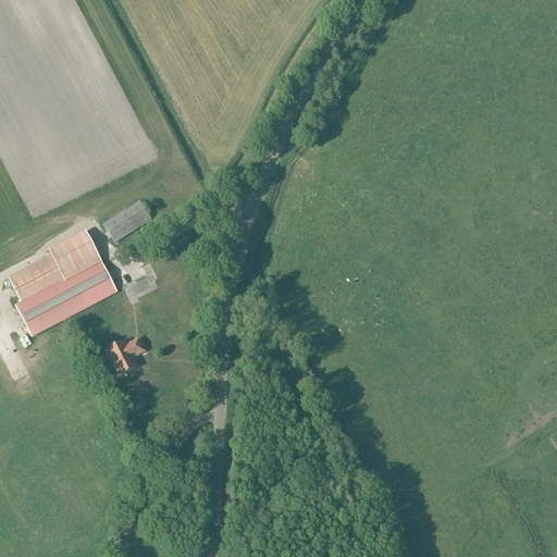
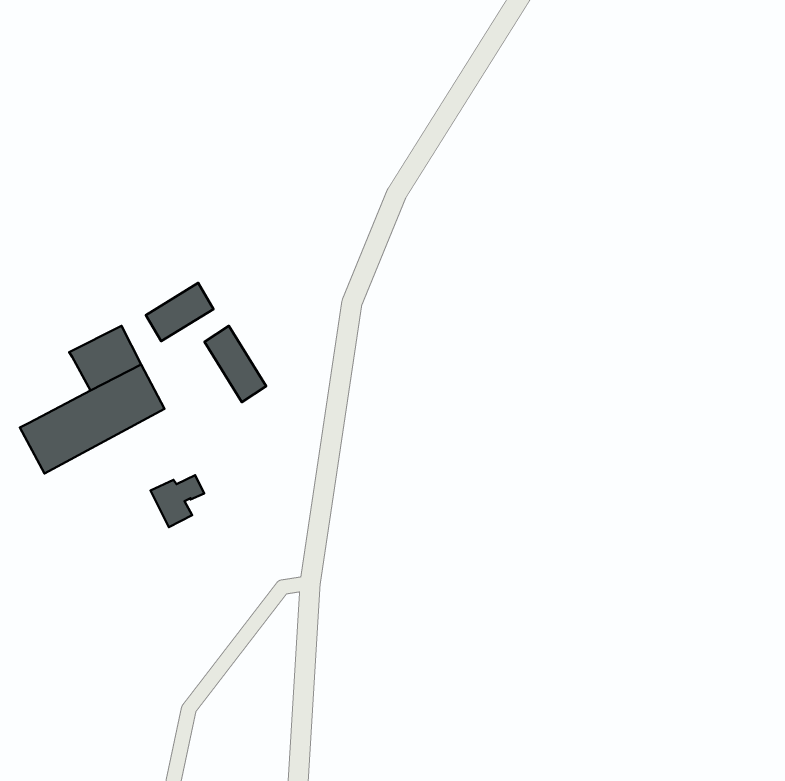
building: none -> [205,326,266,402]
building: [8,252,64,299] -> none

